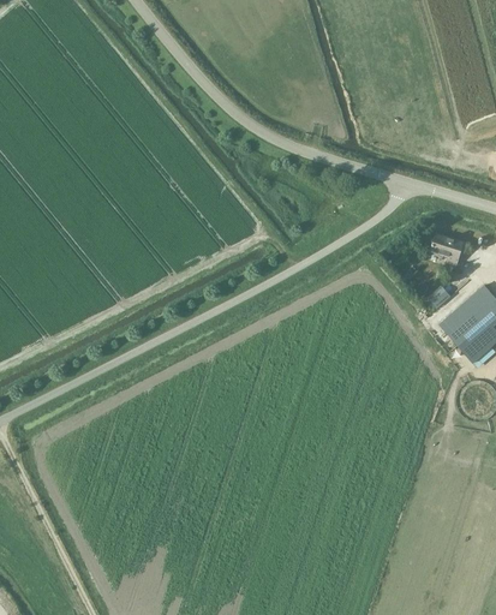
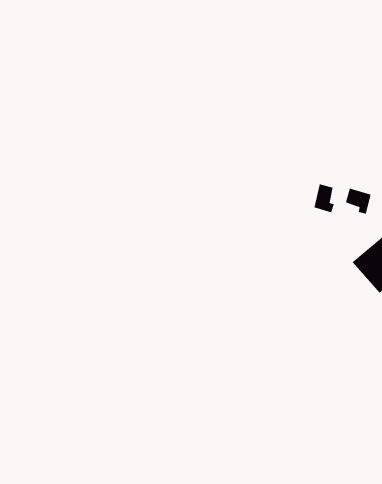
building: none -> [314,184,334,213]

